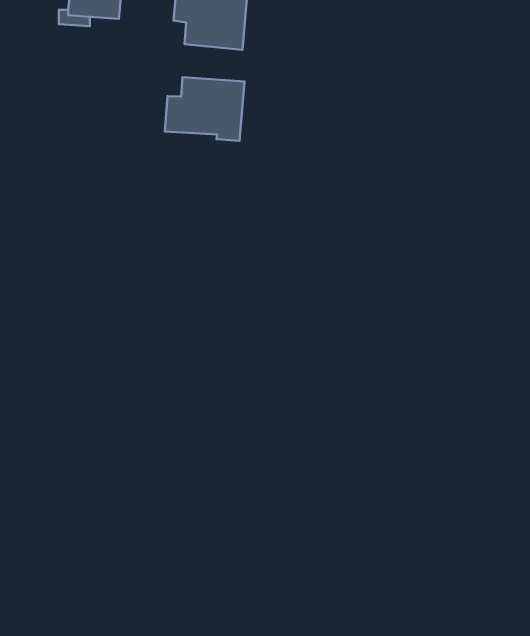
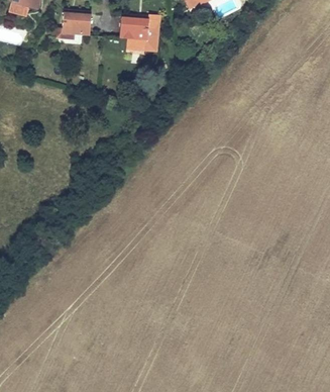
building: [165,77,244,141] -> none

